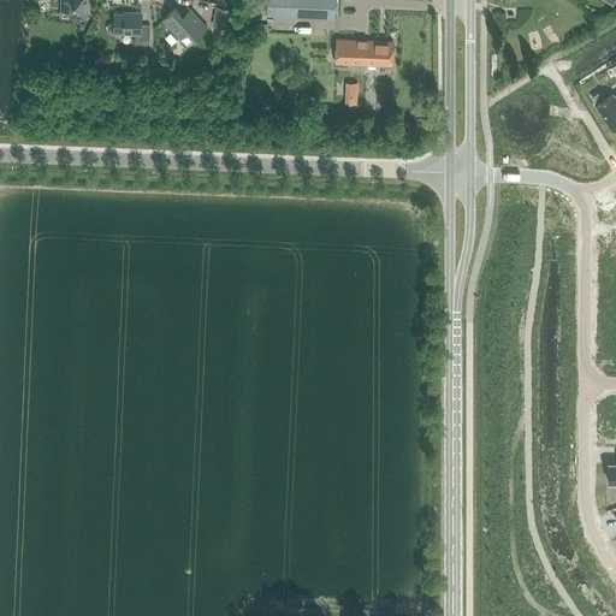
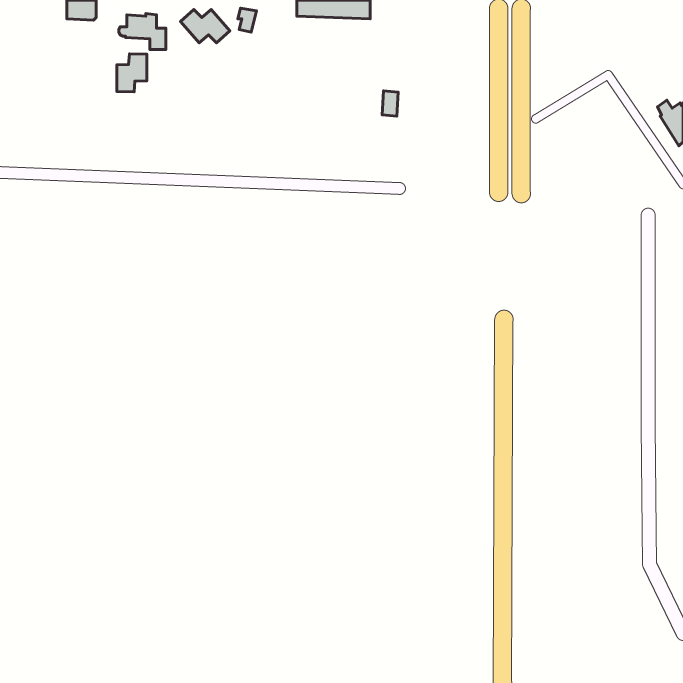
building: [334,38,393,65] -> none
building: none -> [117,54,147,92]

